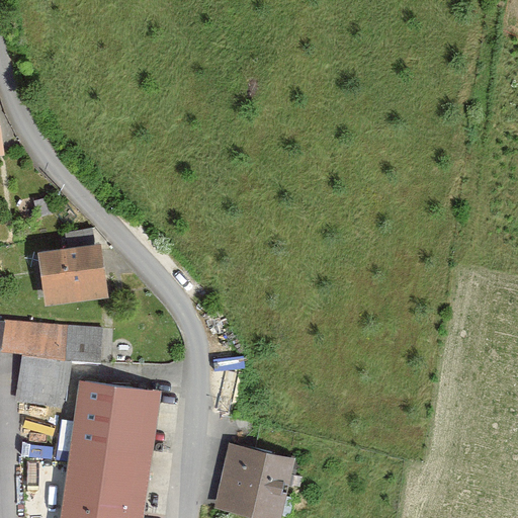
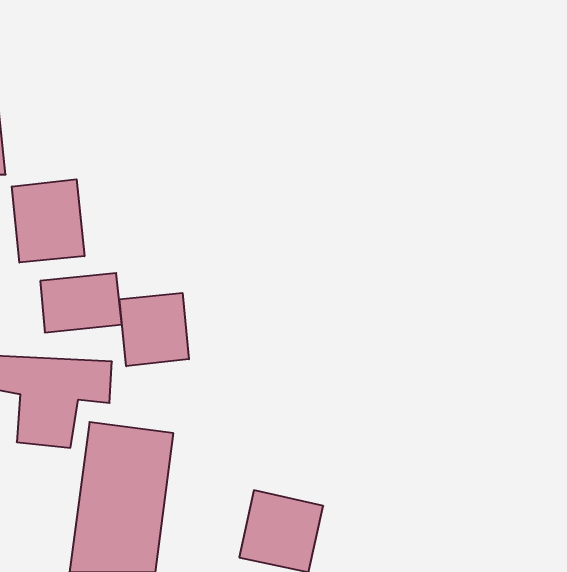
building: none -> [12,179,84,263]
building: none -> [119,293,189,366]

